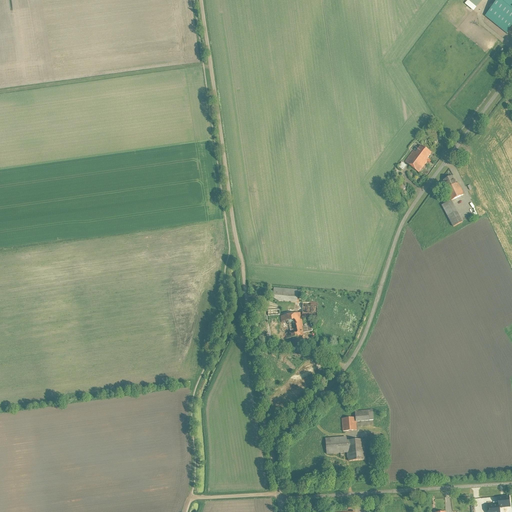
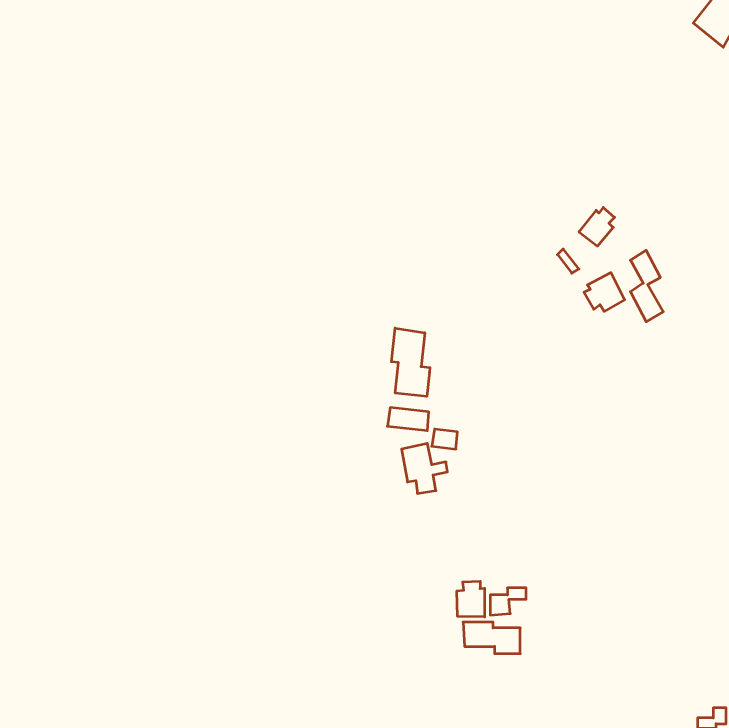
building: none -> [584,273,625,311]
building: none -> [391,328,430,396]
building: none -> [457,581,485,617]

